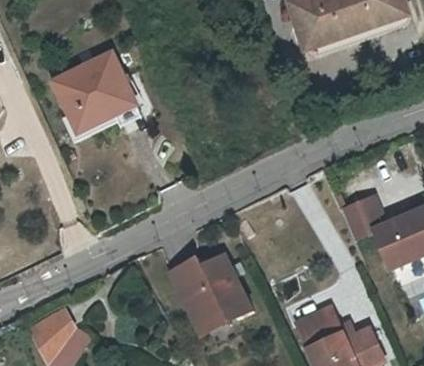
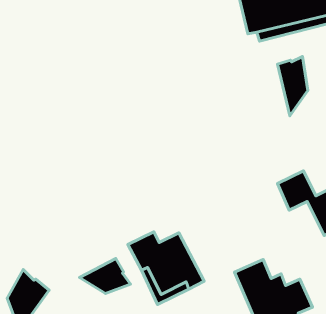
building: [60,47,136,122] -> none
building: none -> [278,56,308,116]
building: none -> [79,259,131,293]

